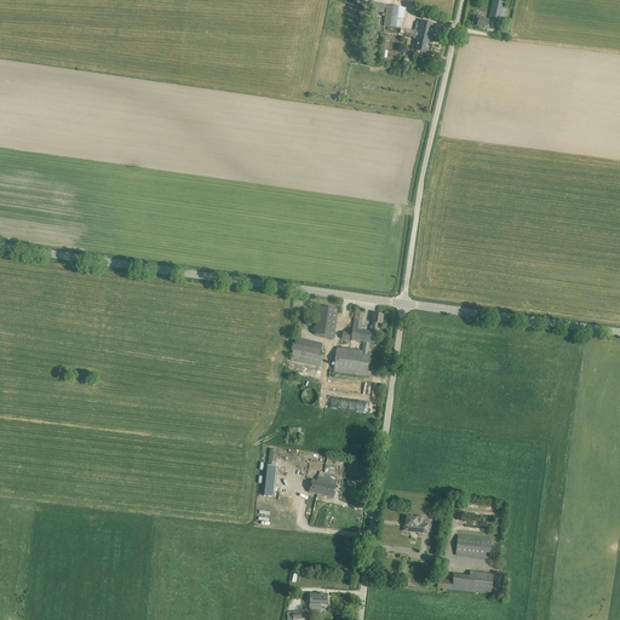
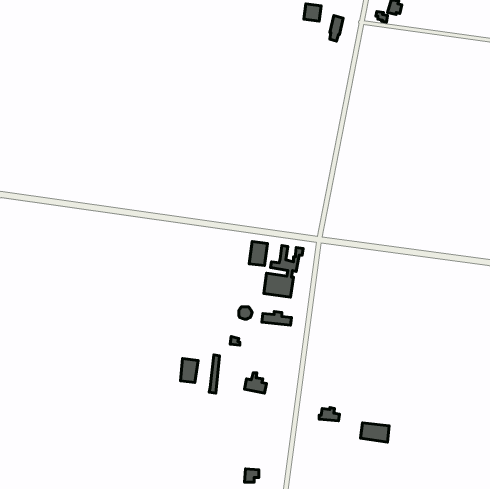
building: [291,337,323,366] -> none
building: none -> [180,359,198,383]
building: [437,570,493,593] -> none

